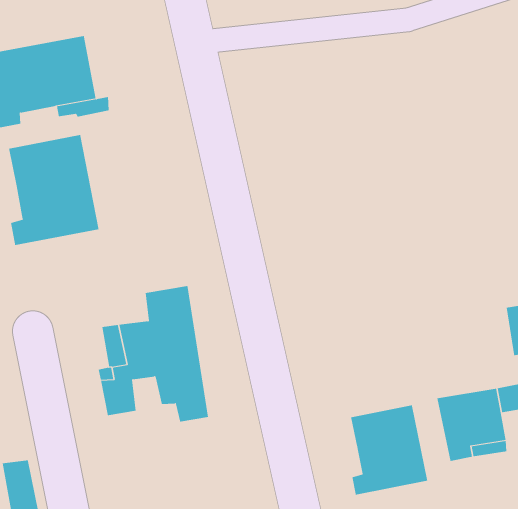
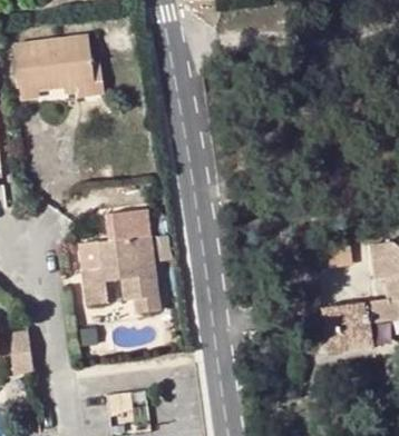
building: [9,134,99,246] -> none
building: [351,404,428,496] -> none

